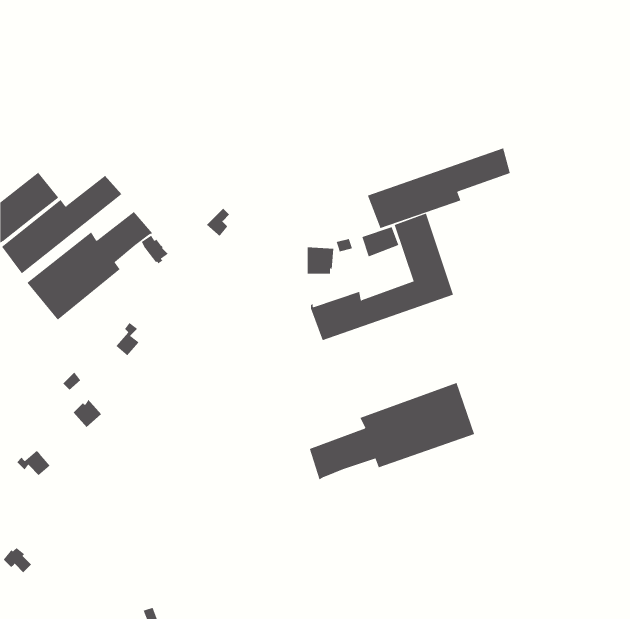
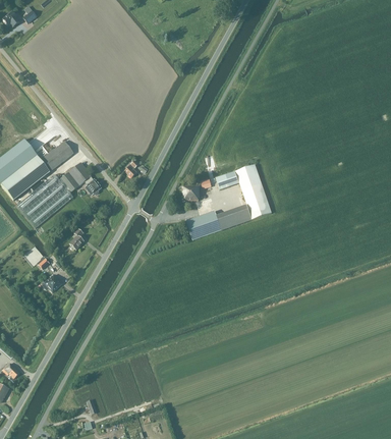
building: [367,147,511,229] -> none
building: [309,382,475,480] -> none

